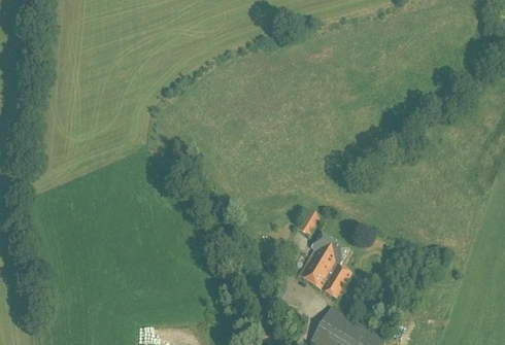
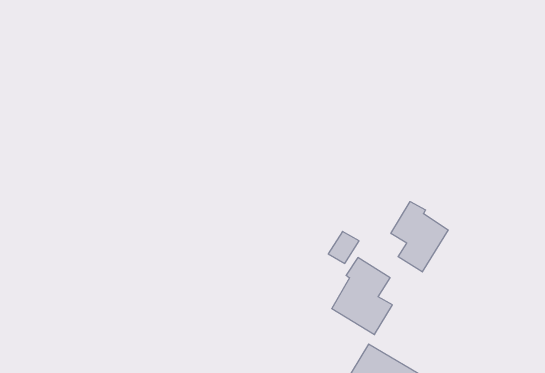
building: none -> [391,202,448,272]

